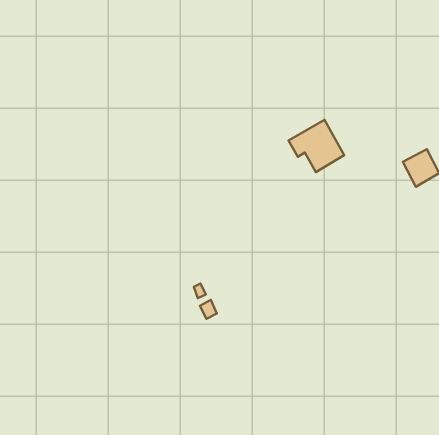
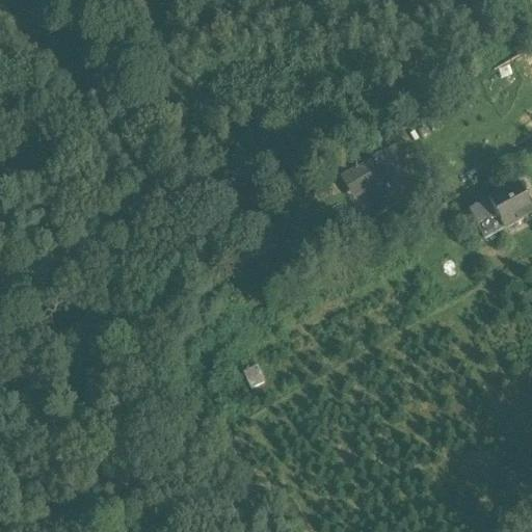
building: none -> [468,195,502,235]

